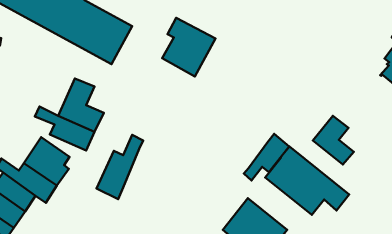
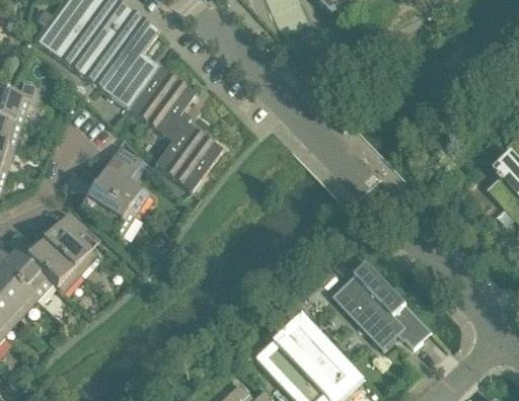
building: [162,18,216,76] -> [153,114,221,188]
building: [313,116,354,165] -> none
building: [244,134,289,180] -> none
building: [96,135,143,199] -> none

